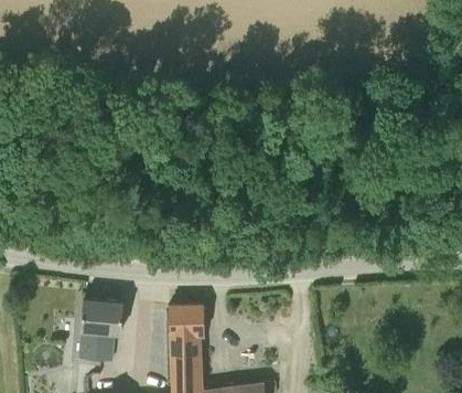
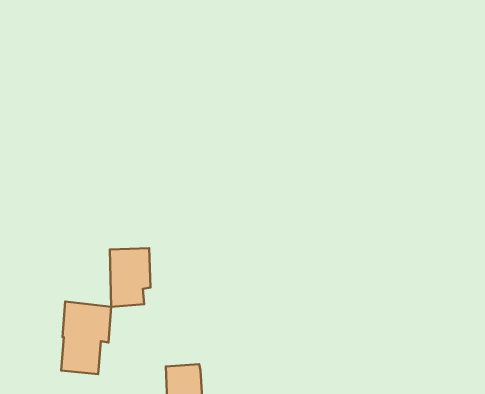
building: [169,304,204,354] -> [110,248,151,307]

